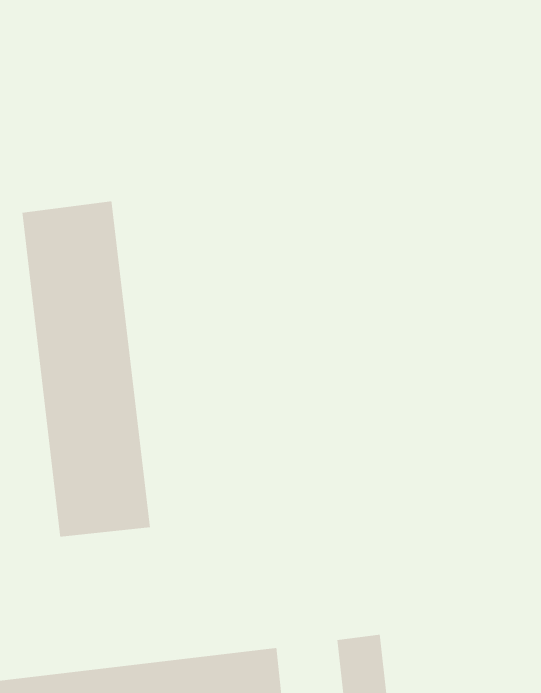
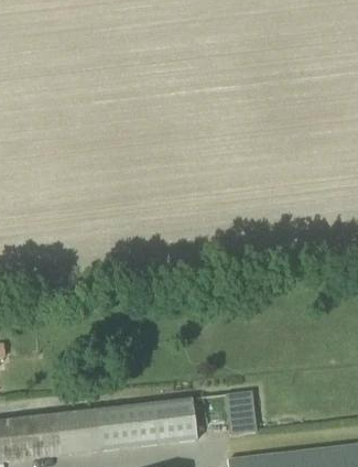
building: [22,201,150,538] -> none

